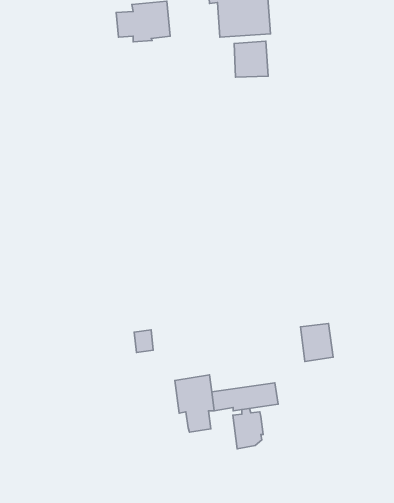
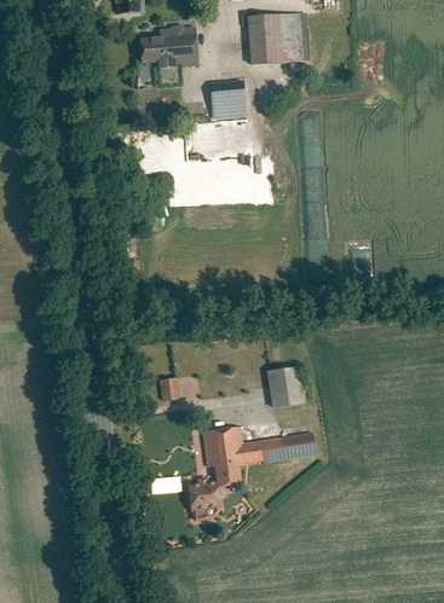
building: [234,41,268,77] -> [209,81,246,120]
building: [300,323,333,362] -> [269,367,304,408]
building: [233,408,263,449] -> [189,479,221,522]

